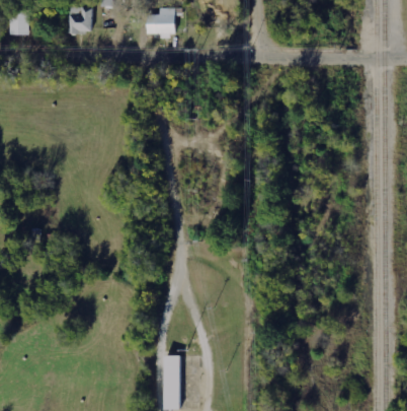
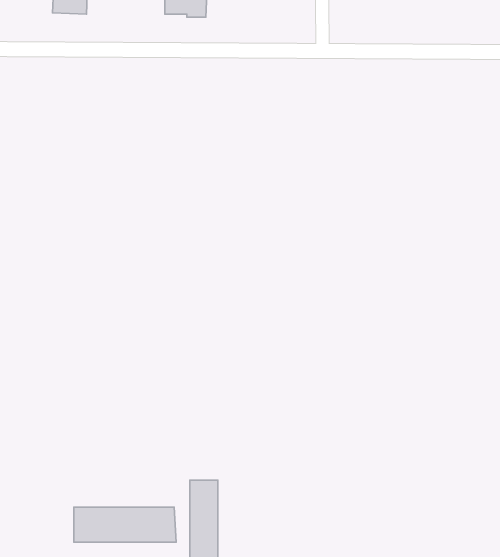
building: none -> [74,507,176,542]

